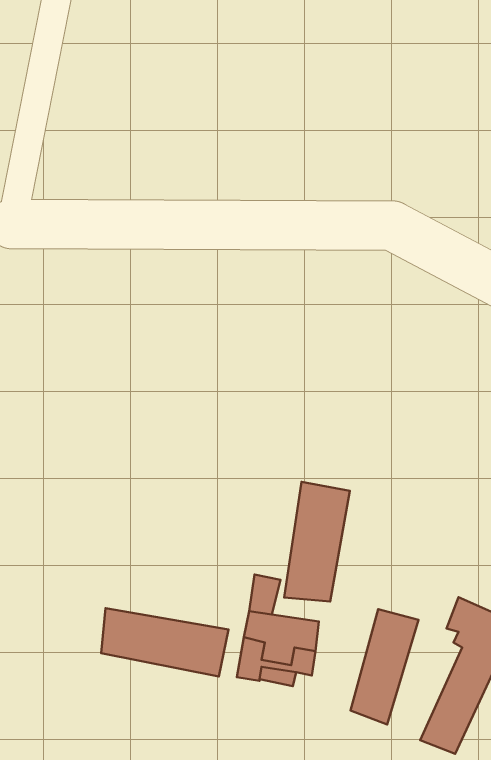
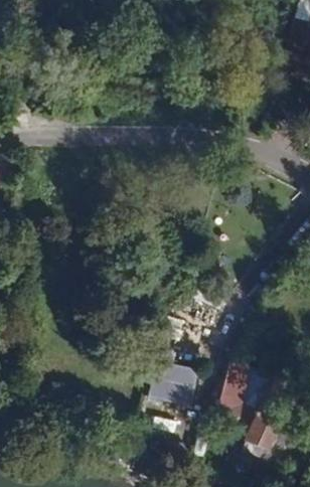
building: [284,482,350,601] -> none
building: [101,608,229,676] -> none

